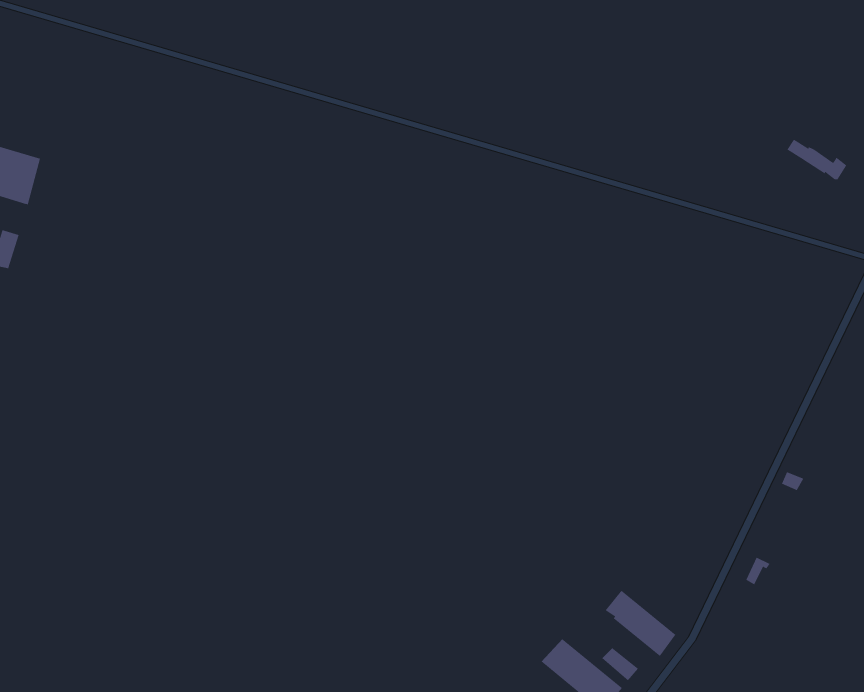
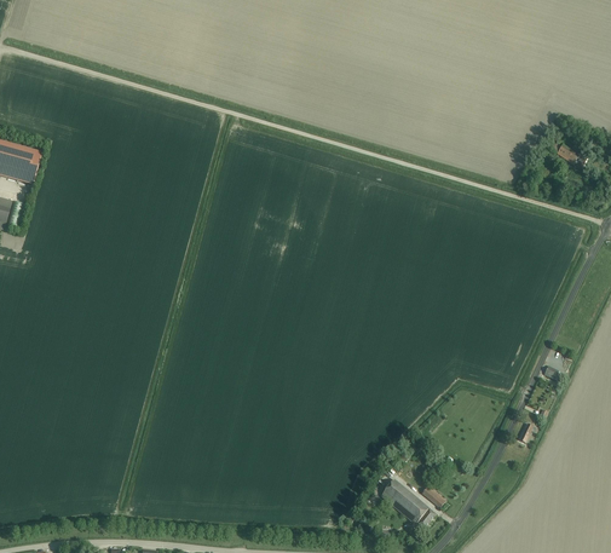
building: [605,590,676,657] -> none

